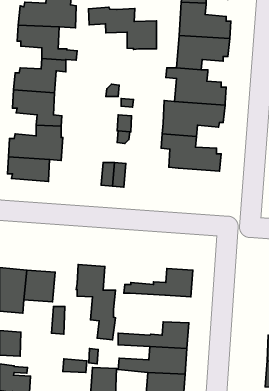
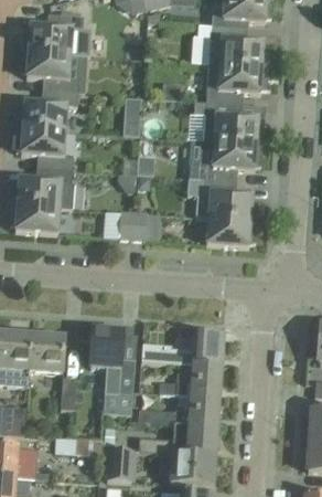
building: [88,7,157,49] -> none
building: none -> [206,218,255,246]
building: none -> [158,364,222,396]

